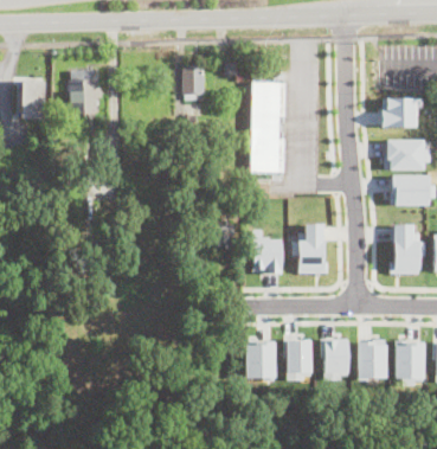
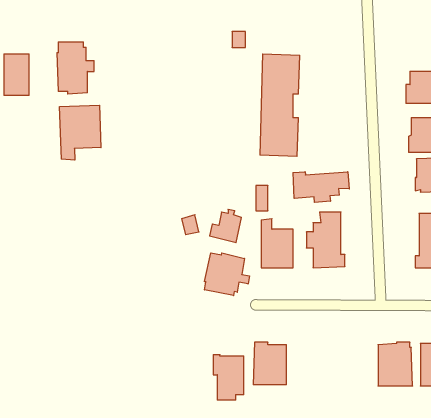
building: [186,68,206,102] -> none
building: none -> [60,105,101,160]
building: none -> [293,172,349,202]
building: none -> [204,253,249,296]
building: [322,339,349,380] -> none
building: [284,340,311,380] -> [213,355,244,400]

